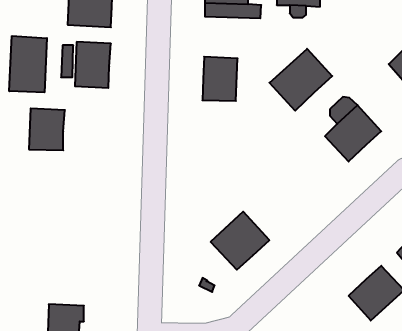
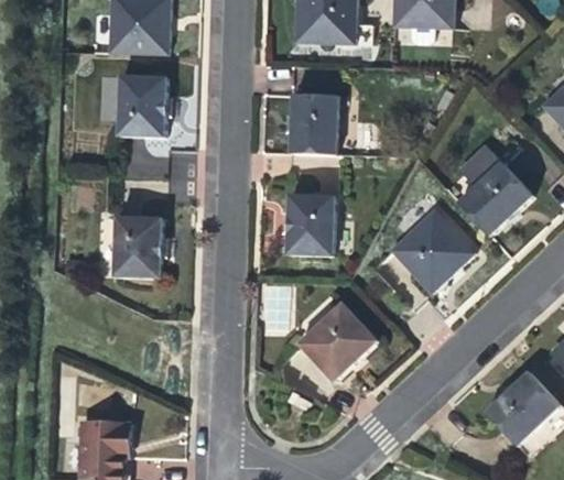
building: [9,36,47,92] -> none
building: [269,49,332,111] -> none
building: [29,108,65,150] -> [112,215,161,271]
building: none -> [288,192,335,254]
building: none -> [393,207,477,292]

